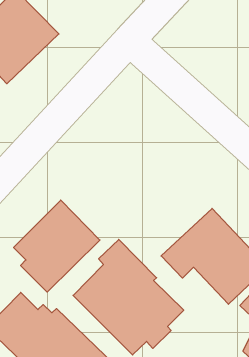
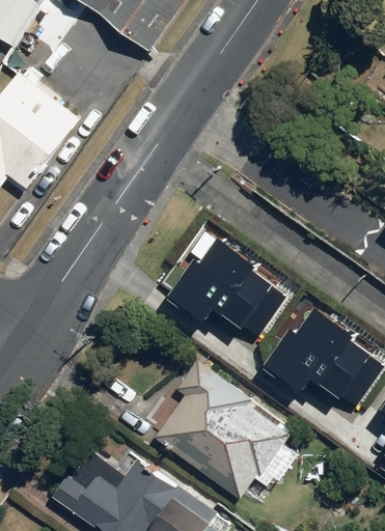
building: none -> [146,229,283,334]
building: [14,200,100,292] -> none

